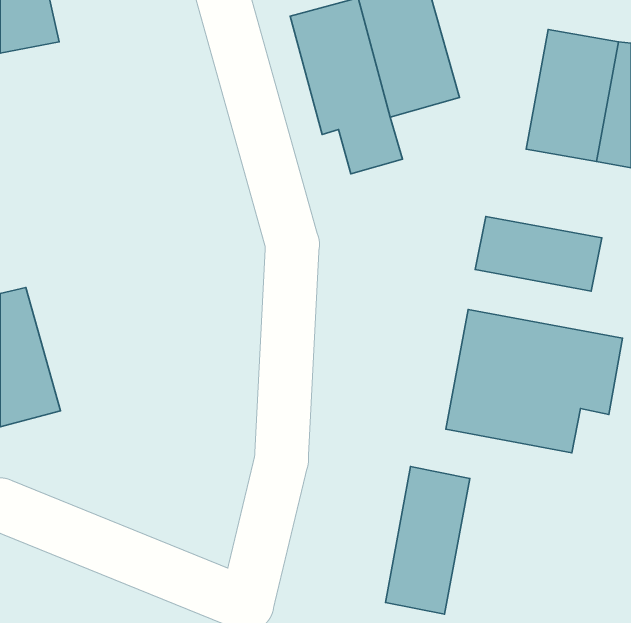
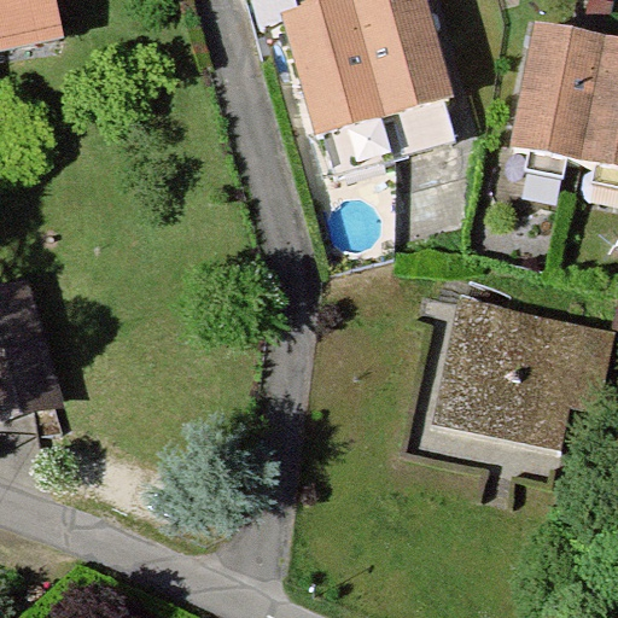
building: [475,216,602,291] -> none
building: [385,467,470,614] -> none

